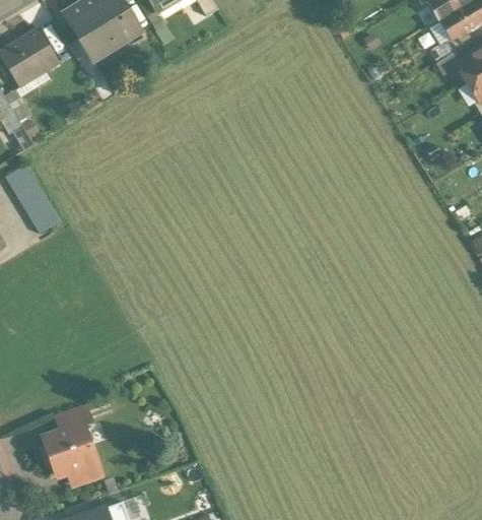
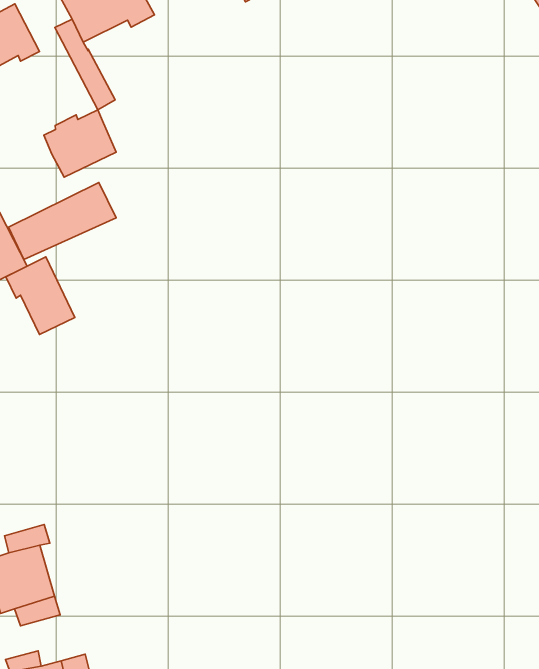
building: none -> [44,110,116,177]
building: none -> [8,182,116,259]
building: none -> [6,257,75,335]

